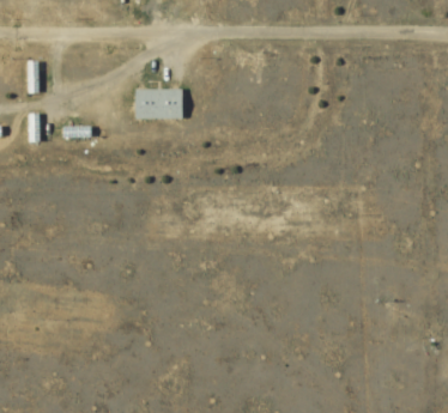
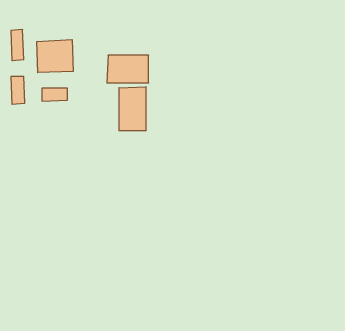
building: none -> [37,40,73,73]
building: none -> [119,87,146,131]

